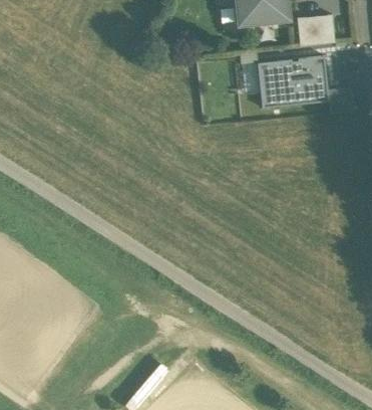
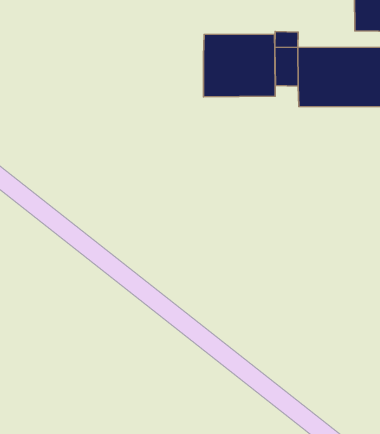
building: none -> [204,34,275,97]

